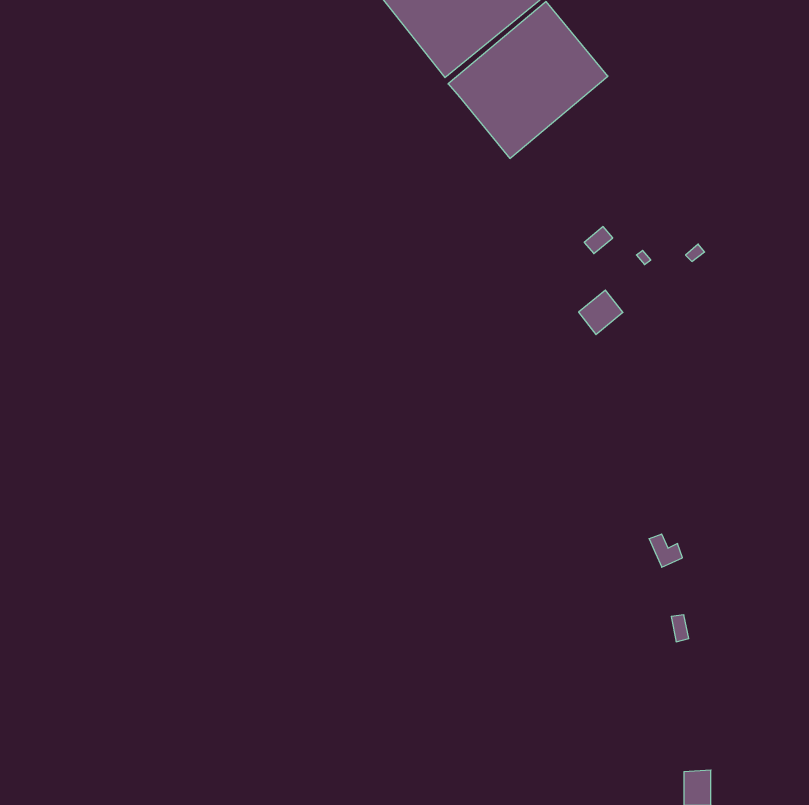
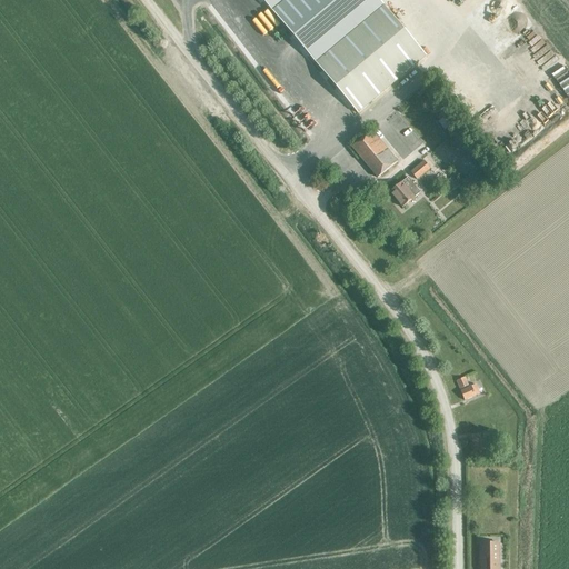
building: none -> [351,128,397,176]
building: [579,290,623,335] -> [389,174,420,206]

